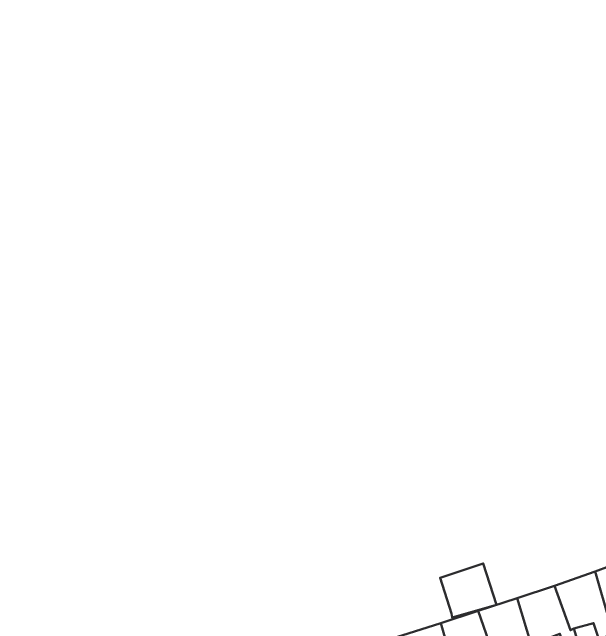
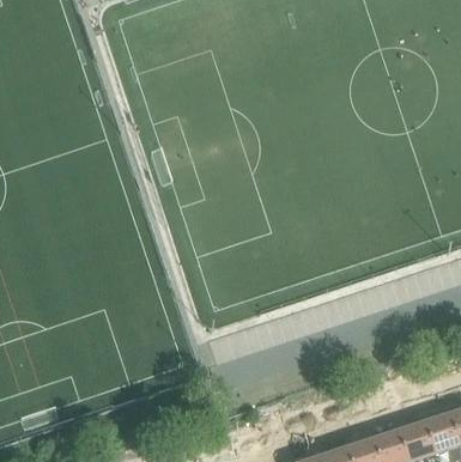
building: [440,564,496,618] -> none

